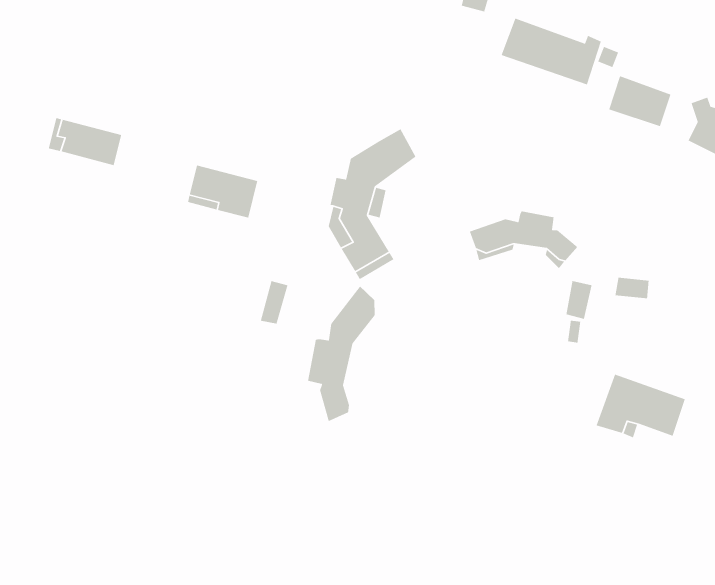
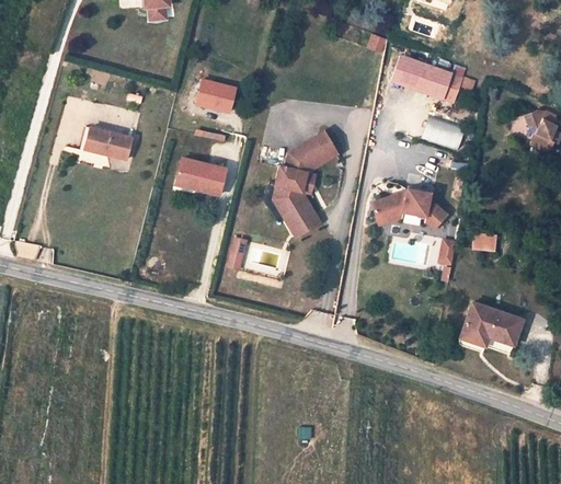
building: none -> [190,76,233,113]
building: [608,75,672,127] -> [420,114,463,150]
building: [307,285,375,422] -> none

